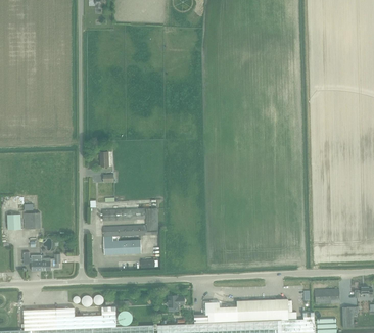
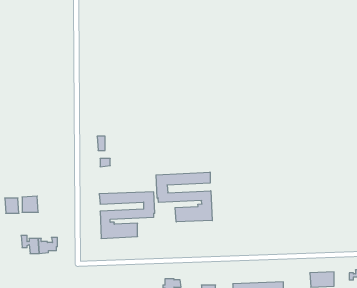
building: none -> [156,172,212,222]

